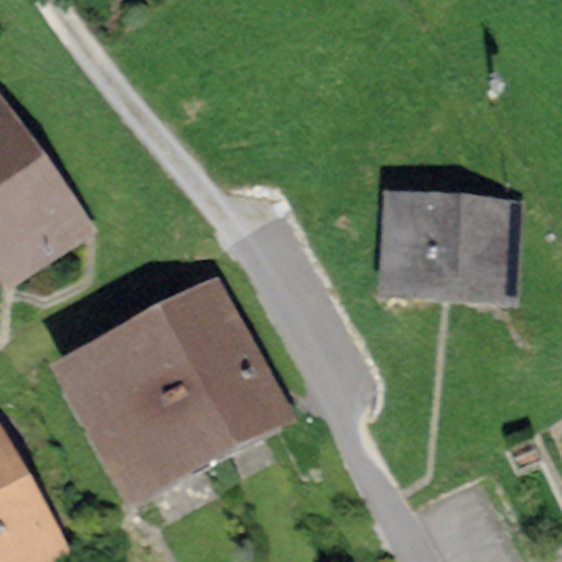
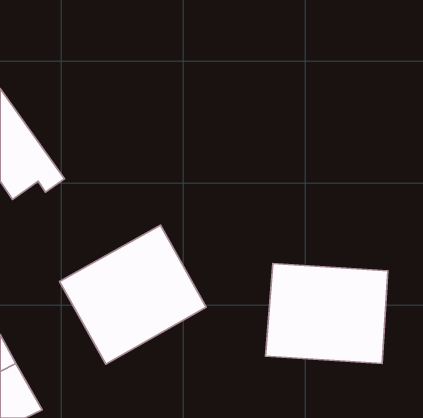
building: [394,201,504,288] -> none
building: none -> [265,263,388,364]

